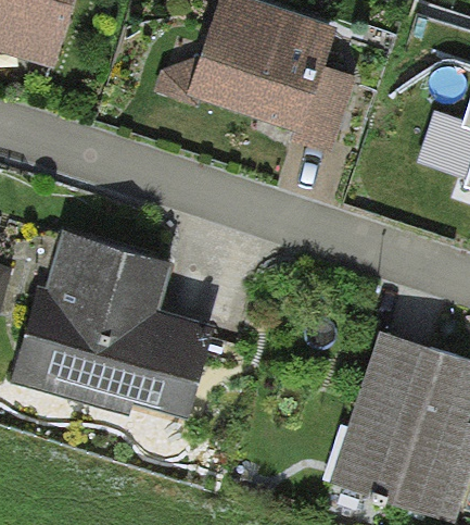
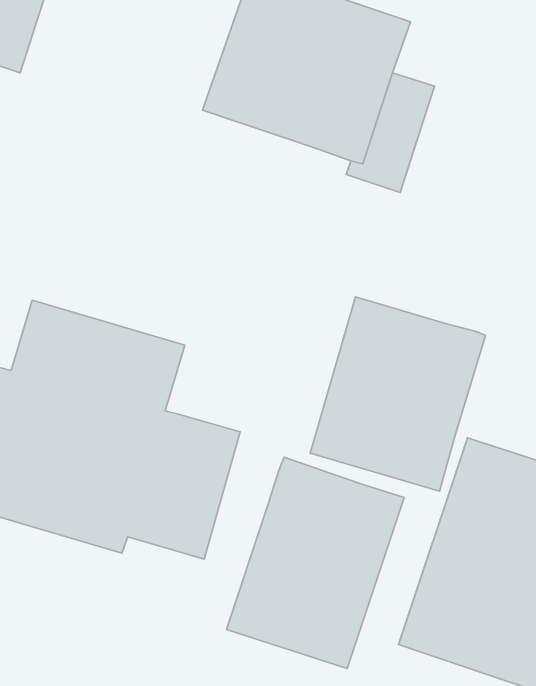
building: none -> [310,297,485,491]
building: none -> [226,457,404,669]

